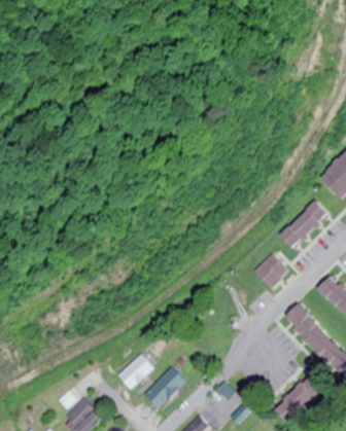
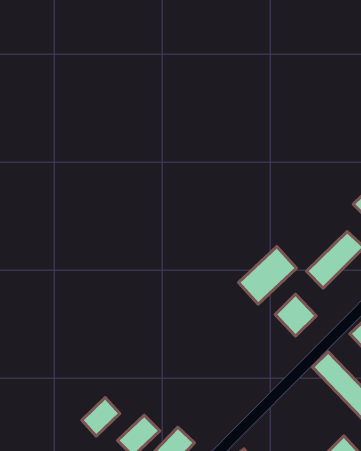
building: none -> [238,246,296,304]
building: none -> [82,398,120,436]

